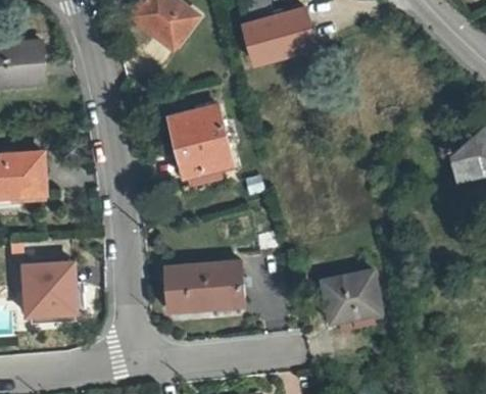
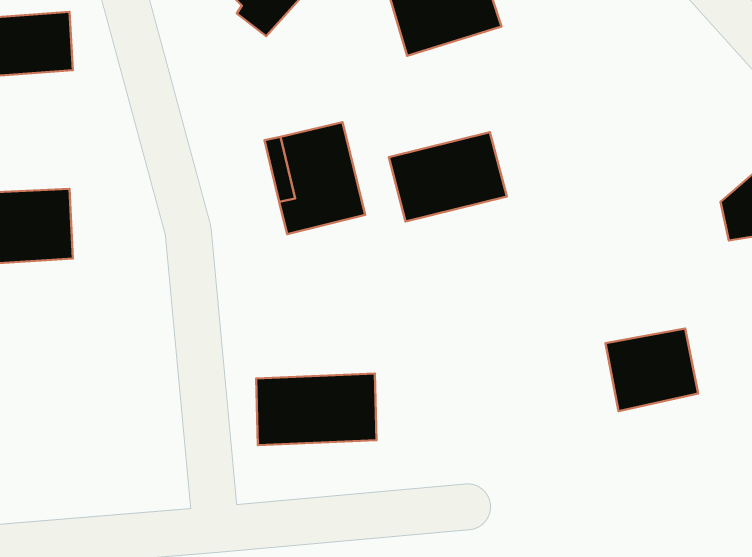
building: none -> [389,132,507,221]
building: [32,259,83,312] -> none
building: [321,276,379,328] -> [606,329,698,411]

